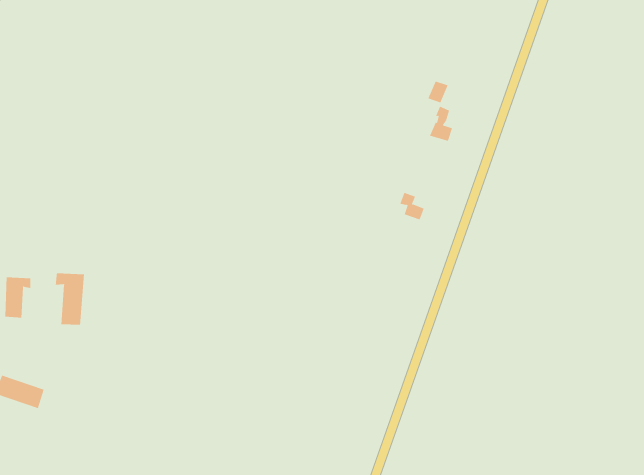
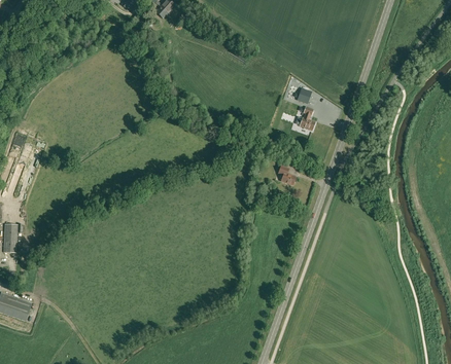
building: [55,272,85,326] -> none

